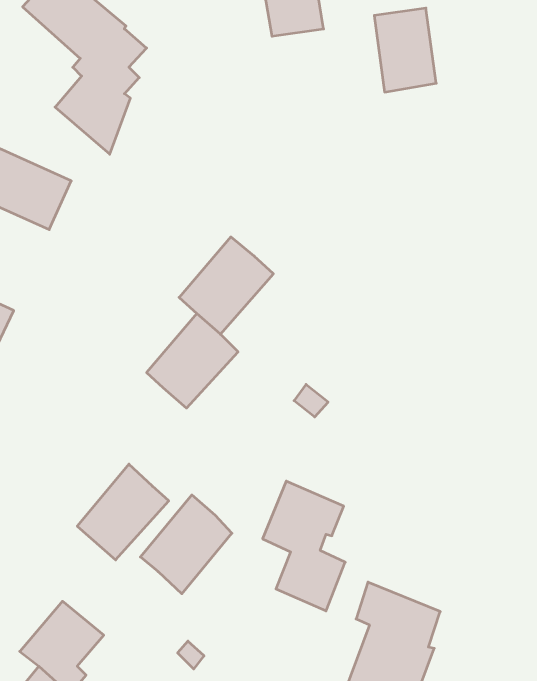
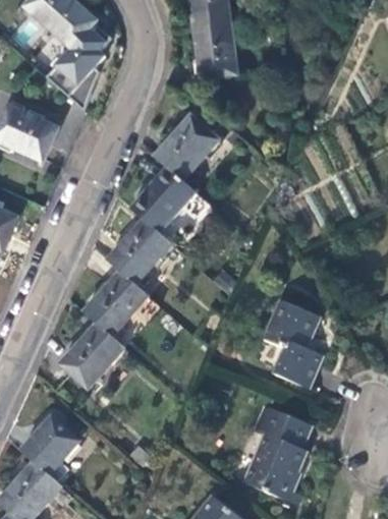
building: [374,8,436,92] -> [195,22,237,80]
building: none -> [155,115,218,179]
building: [263,481,345,611] -> [265,299,322,389]
building: [140,495,232,594] -> [84,270,147,338]

